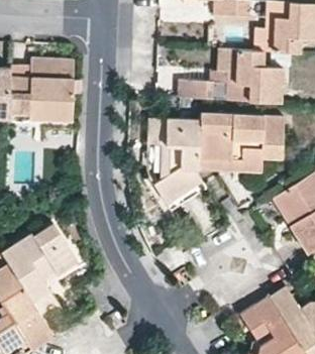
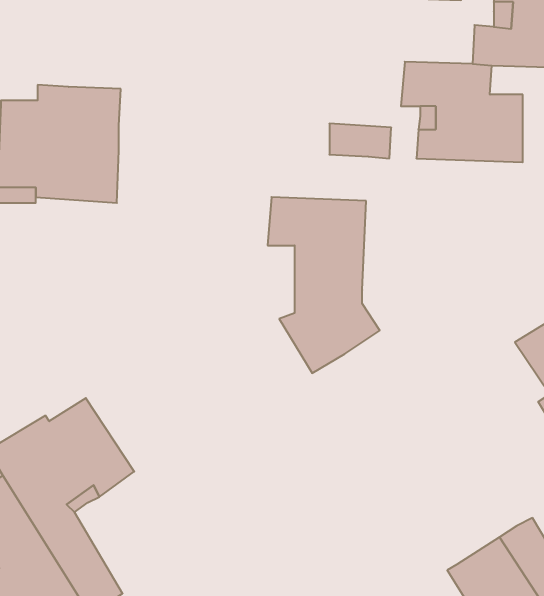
building: [198,113,285,170] -> none

